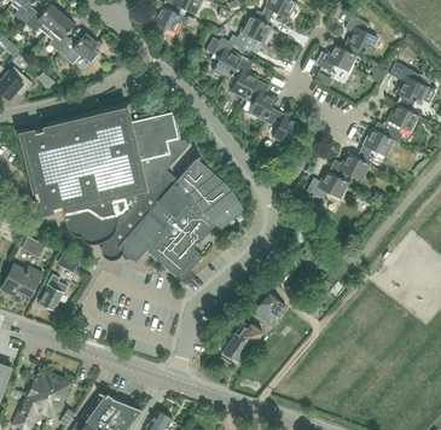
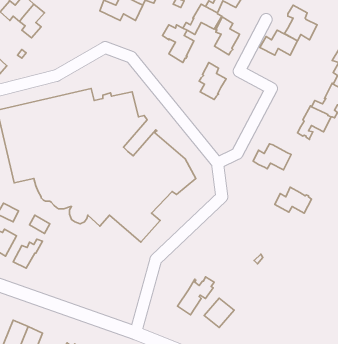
building: [59,34,98,66] -> none
building: [231,58,259,100] -> [215,17,239,55]
building: [263,108,301,146] -> none
building: [329,152,370,181] -> [275,187,312,213]
building: [251,292,285,325] -> [204,298,234,328]

